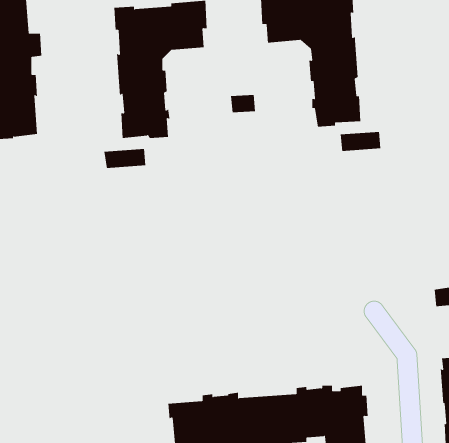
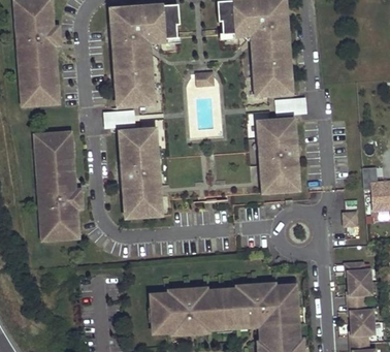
building: none -> [257,120,297,192]
building: none -> [119,129,159,216]
building: none -> [34,134,80,239]

